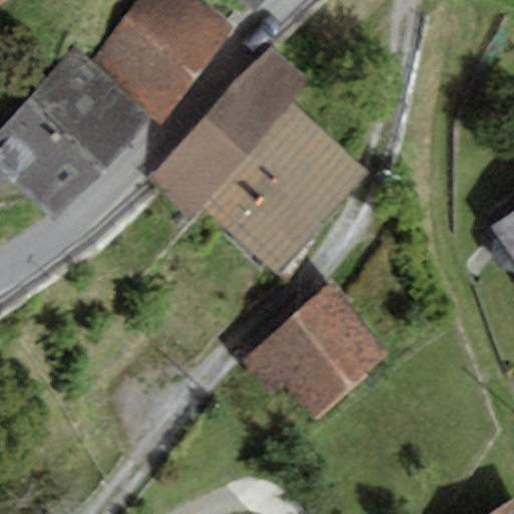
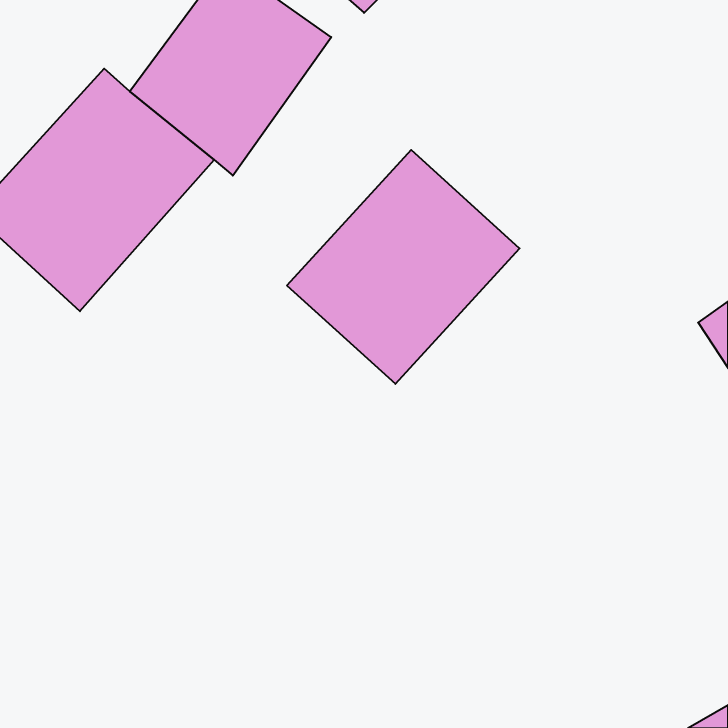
building: [148,44,311,215] -> none
building: [242,282,391,418] -> none

